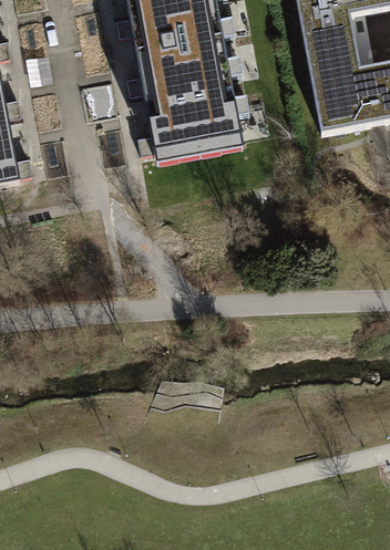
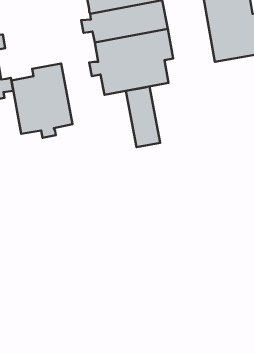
building: none -> [11,63,73,138]
building: none -> [126,86,160,147]

